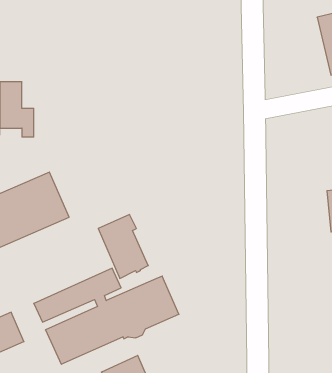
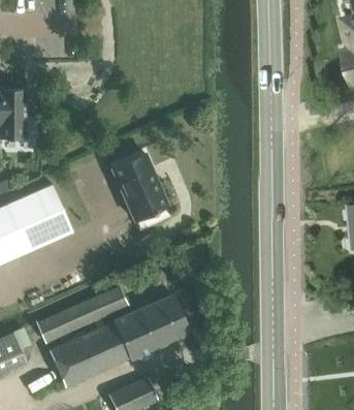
building: [98,215,148,278] -> [112,154,165,221]

